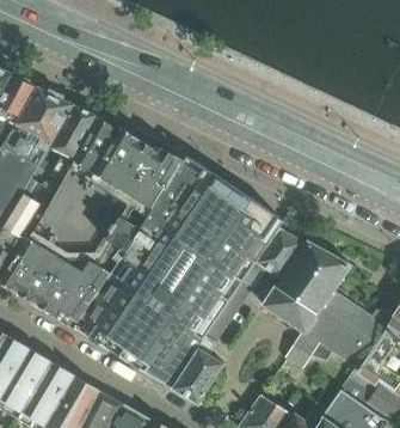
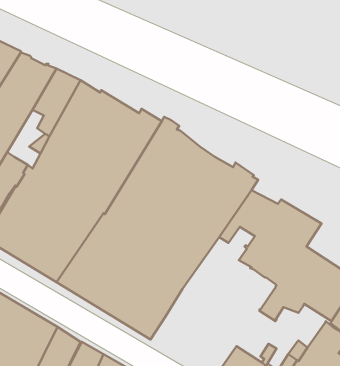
building: [171,335,223,403] -> none

